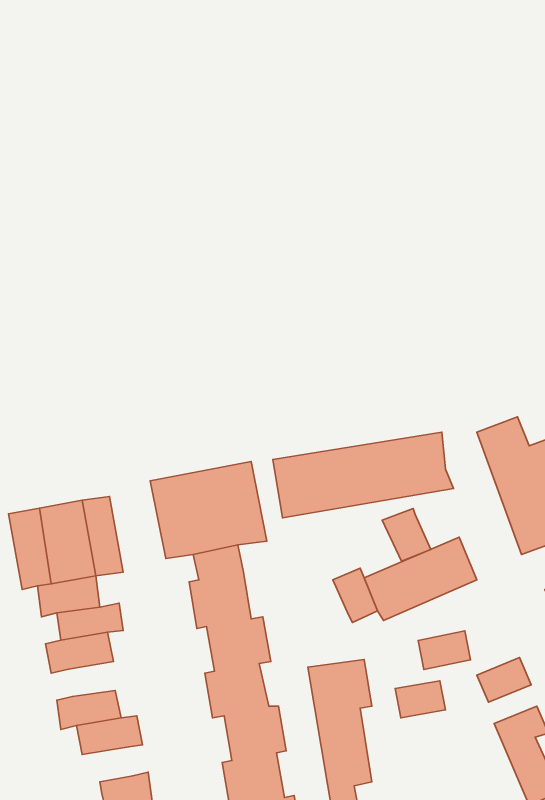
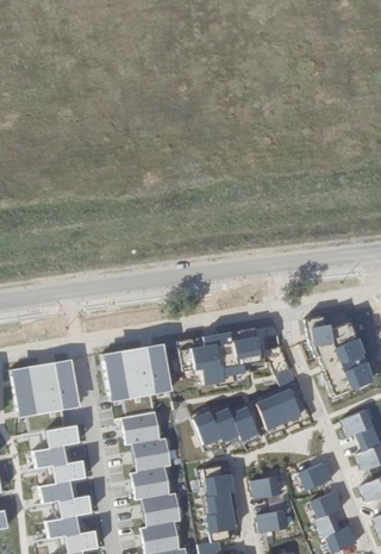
building: [382,509,431,561] -> [190,411,220,443]
building: [418,631,471,670] -> [255,509,287,533]
building: none -> [49,463,88,486]
building: none -> [48,517,88,541]

